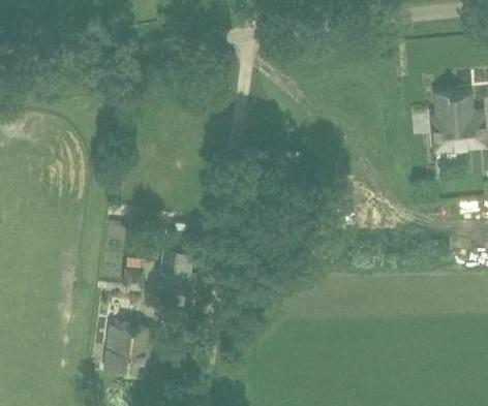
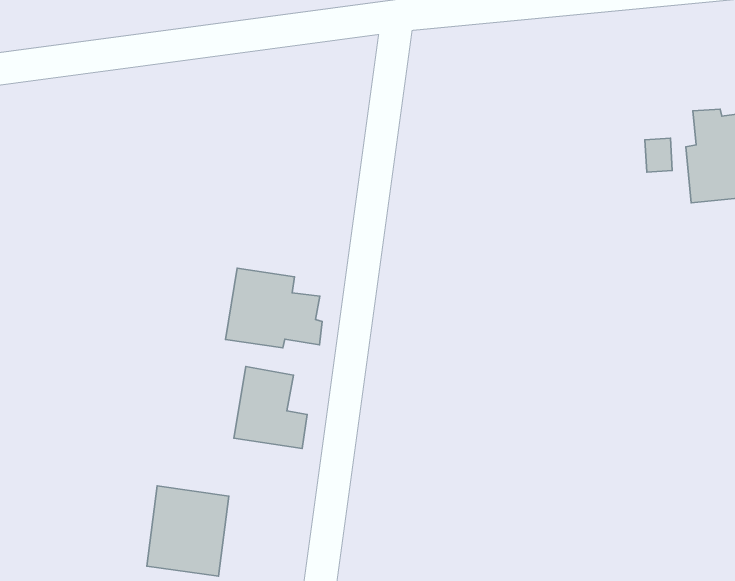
building: none -> [225,268,322,348]

